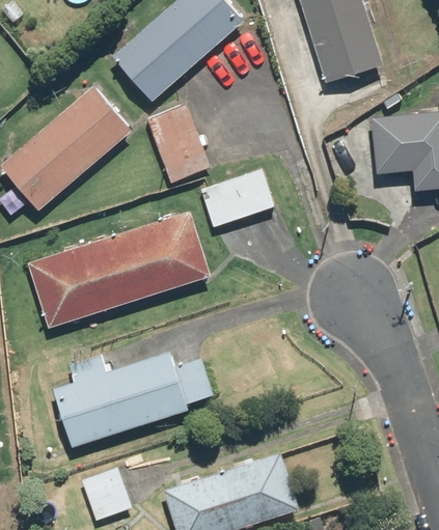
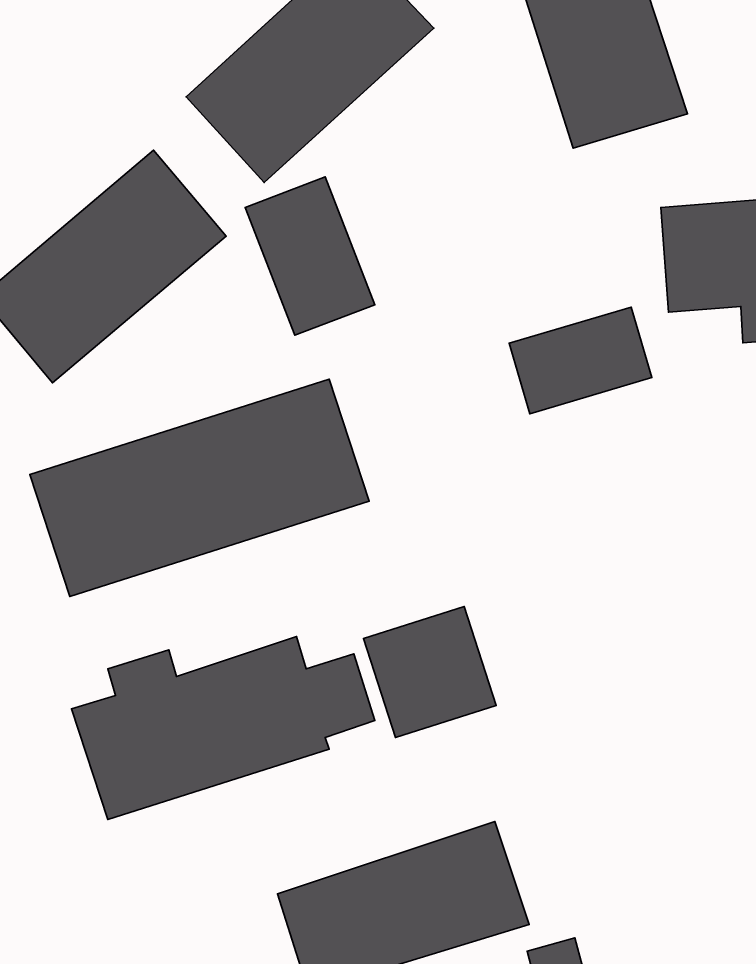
building: [200,168,278,226] -> [509,307,652,414]
building: none -> [364,606,496,738]
building: [78,463,133,521] -> none

